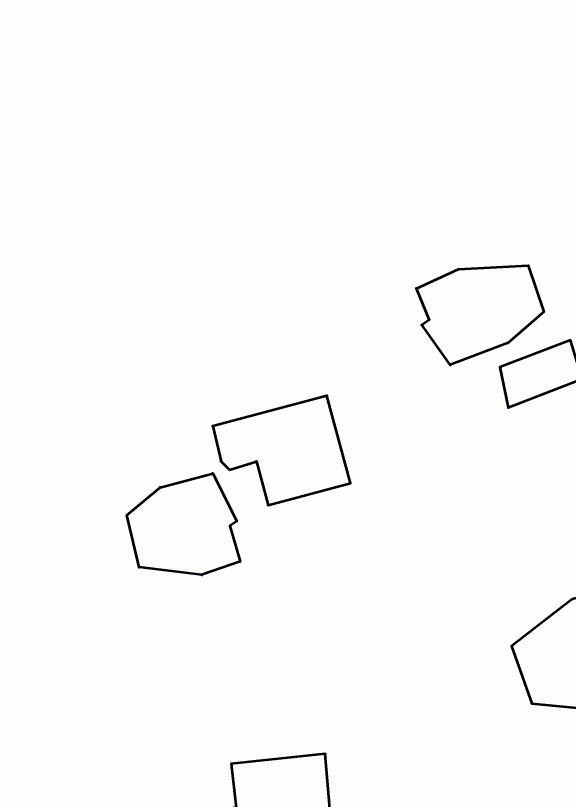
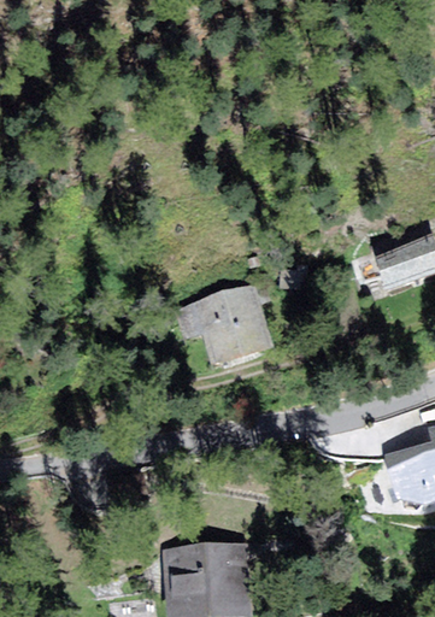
building: [416,266,544,365] -> none
building: [127,473,240,575] -> none

